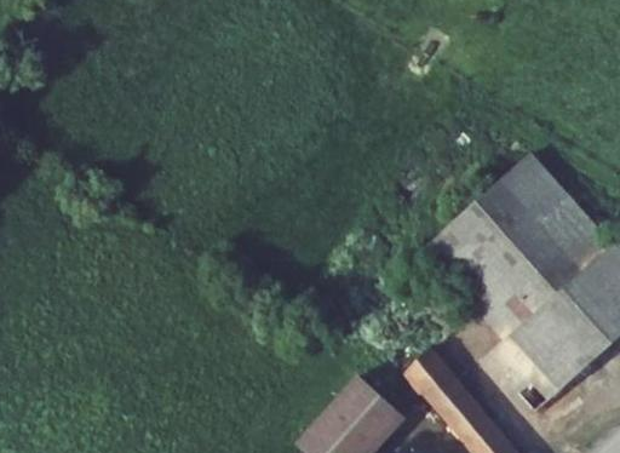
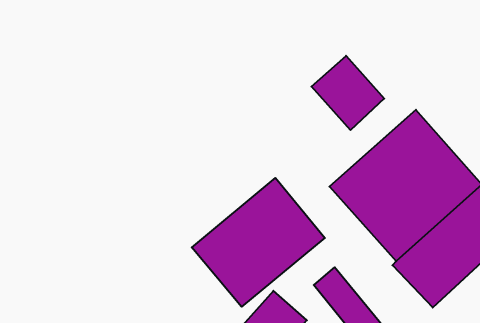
building: none -> [311,56,384,130]
building: none -> [192,178,325,307]

